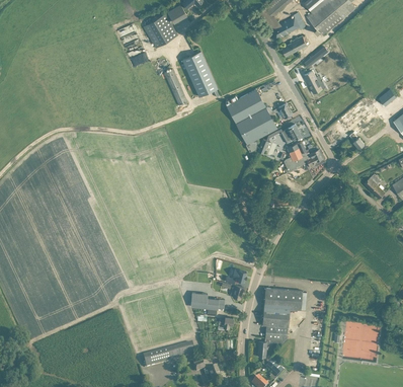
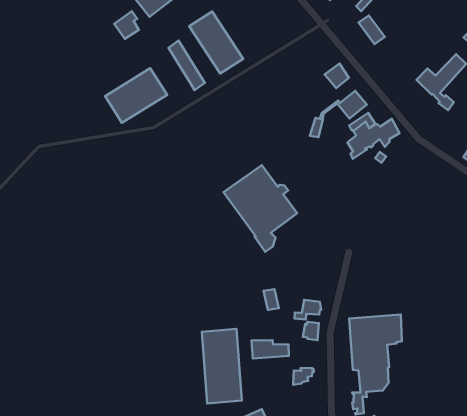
building: none -> [105,68,167,123]
building: [225,89,275,152] -> [224,165,297,252]
building: none -> [202,329,242,404]

